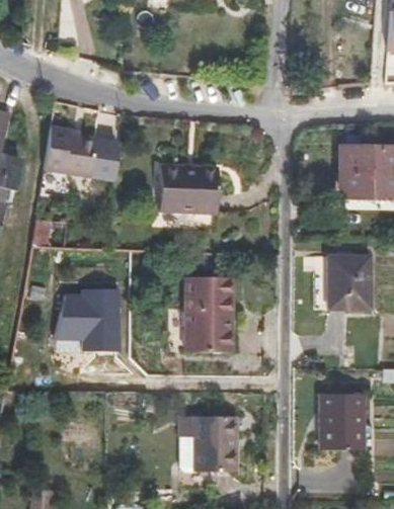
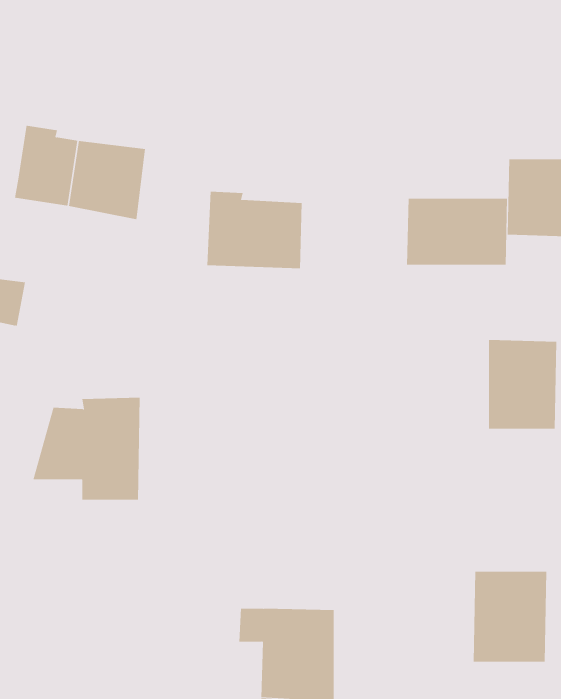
building: none -> [407,198,507,265]
building: [185,276,232,350] -> none

